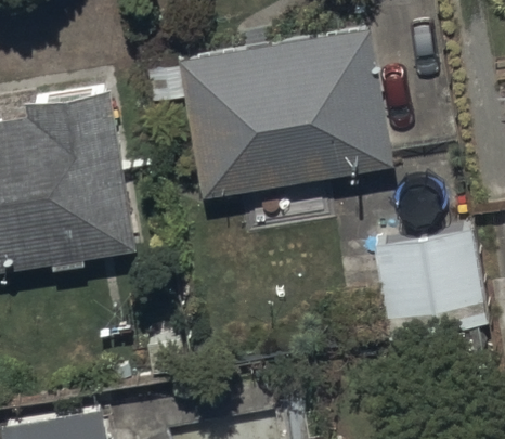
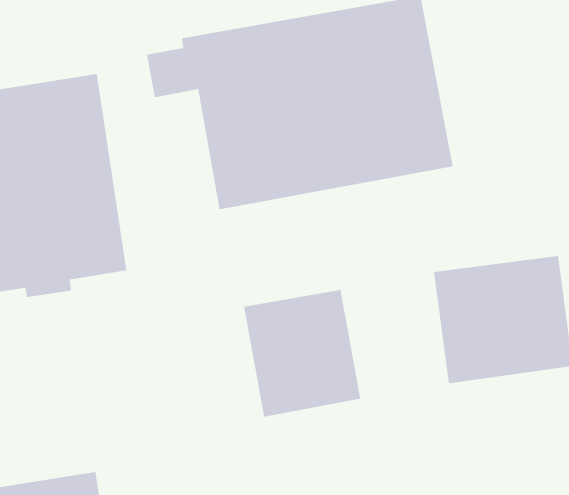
building: none -> [243,289,361,418]

